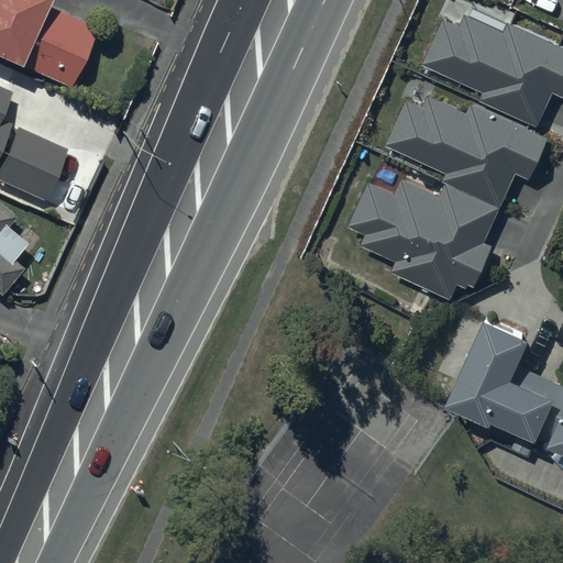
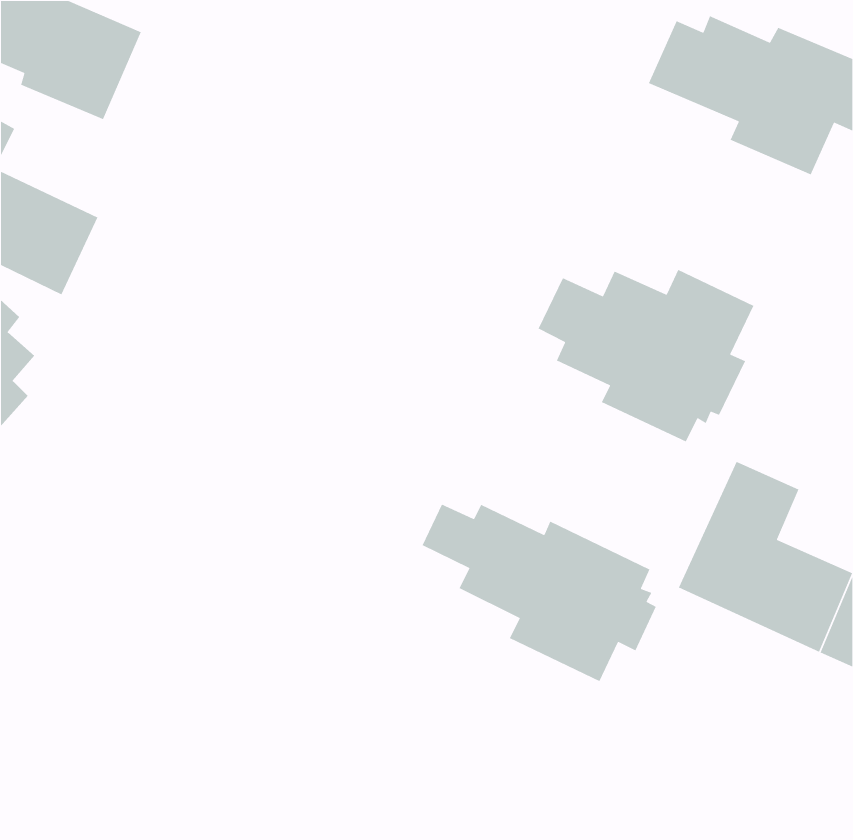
building: [390,100,548,207] -> none
building: none -> [422,503,657,682]

